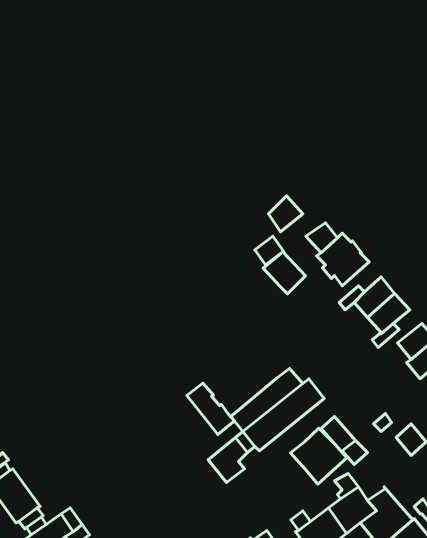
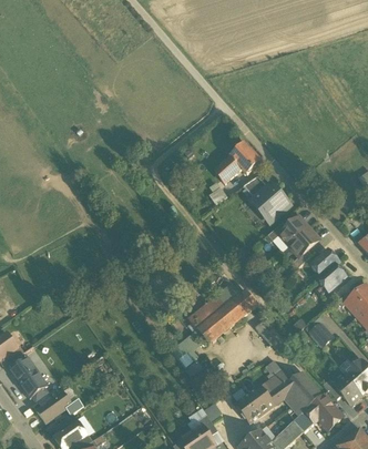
building: [263,252,305,294] -> [228,143,259,174]
building: [187,383,234,435] -> none
building: [290,428,347,484] -> none

